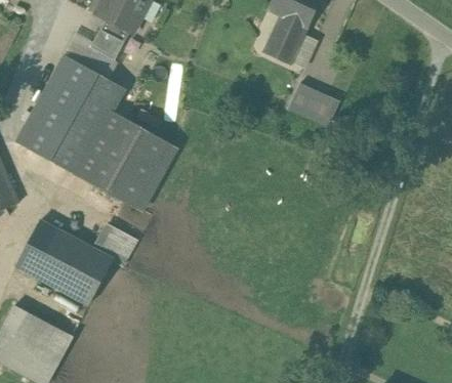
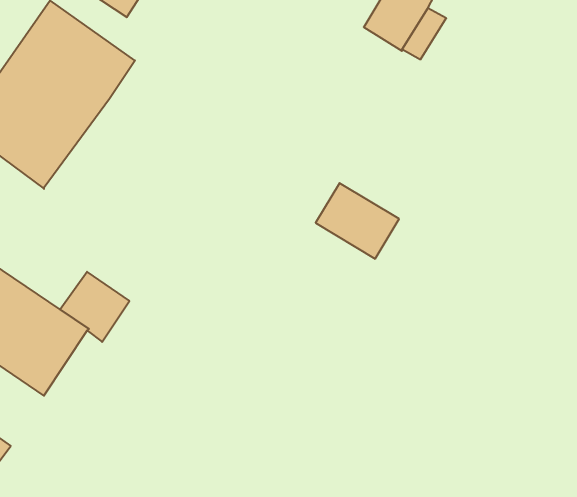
building: [287,82,339,127] -> [316,183,399,259]
building: [75,113,175,210] -> none

